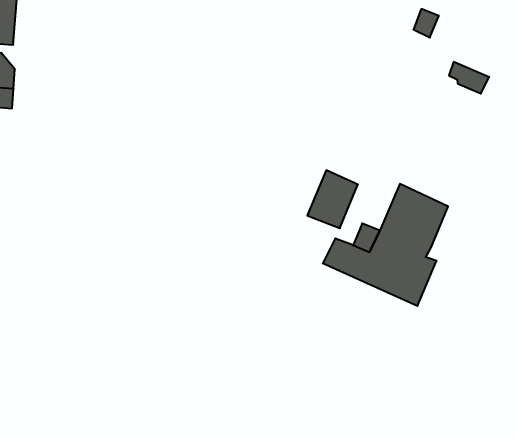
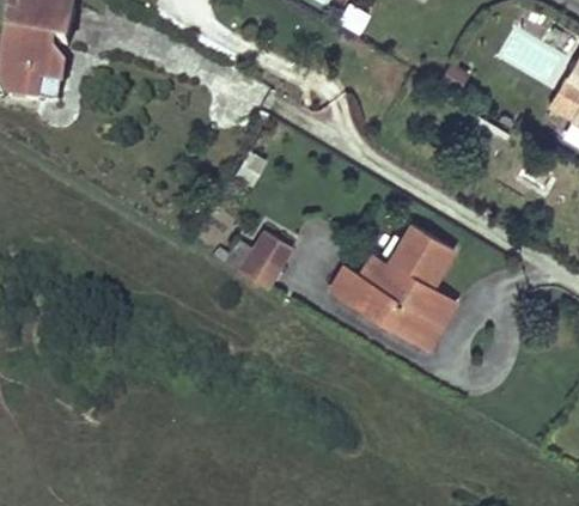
building: [307,170,358,228] -> [242,230,292,285]
building: none -> [412,286,455,347]

